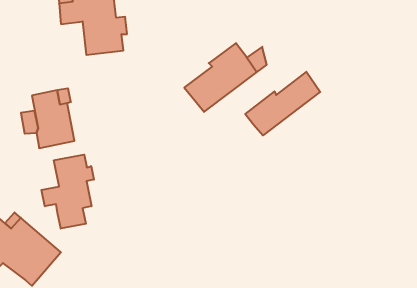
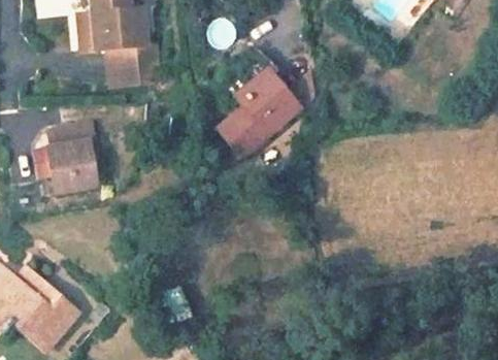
building: [245,72,320,135] -> none
building: [41,155,94,229] -> none

